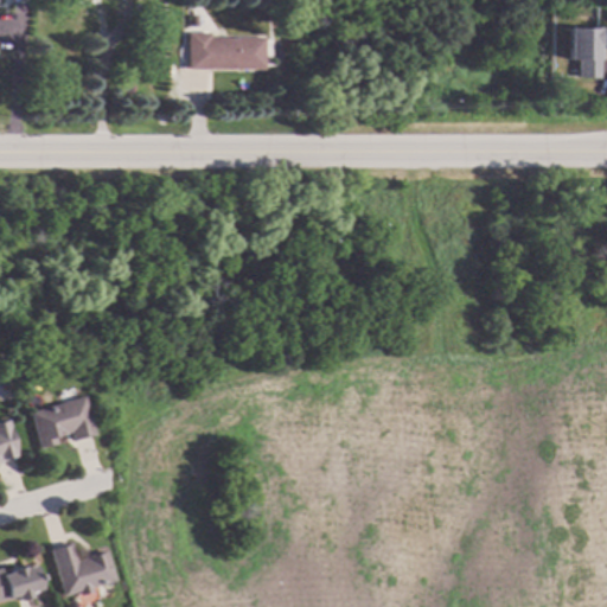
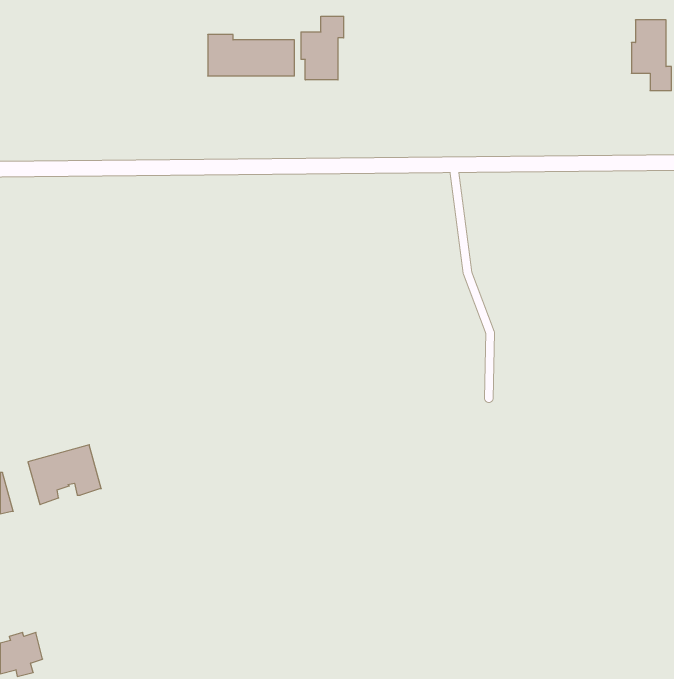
building: none -> [301,16,344,80]
building: [53,543,119,596] -> none

